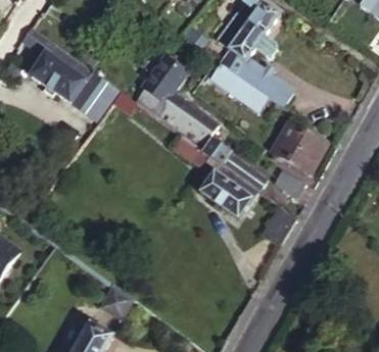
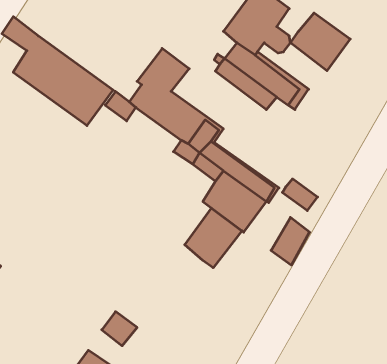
building: none -> [290,13,350,71]
building: [269,117,325,172] -> none
building: none -> [185,208,242,268]

